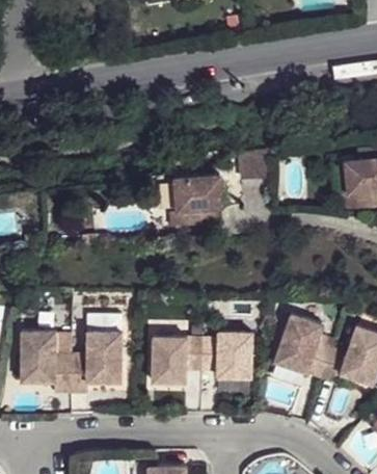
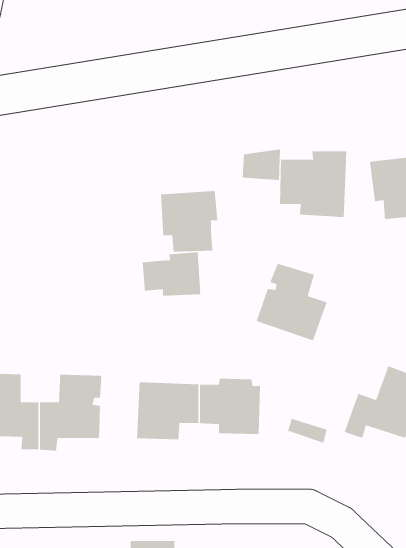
building: none -> [279,150,347,218]
building: none -> [142,251,201,297]
building: [274,313,333,377] -> [256,263,327,341]

